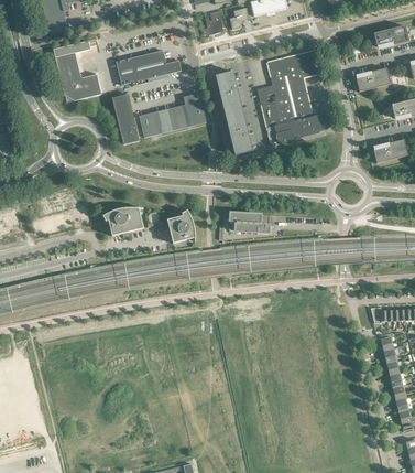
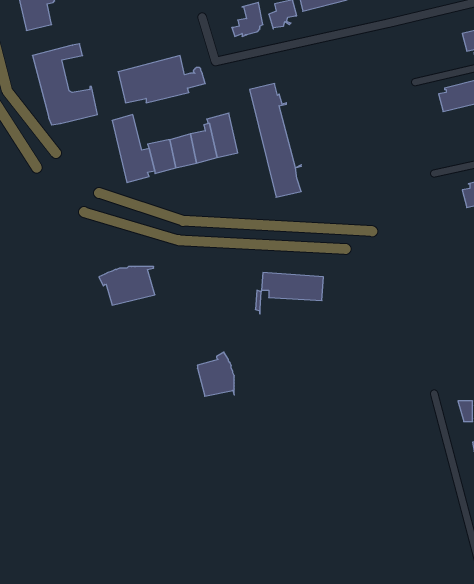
building: [256,51,330,146] -> none
building: [167,209,195,243] -> [197,352,234,396]

